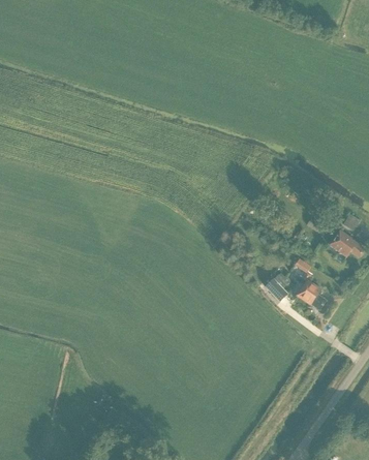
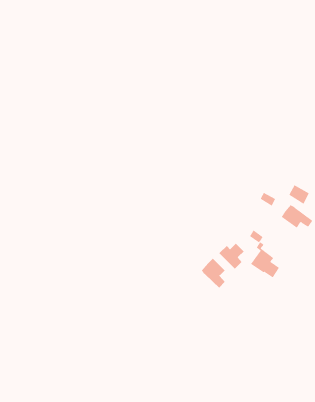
building: none -> [201,258,226,288]

